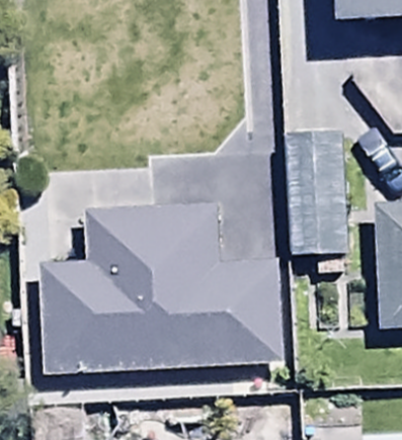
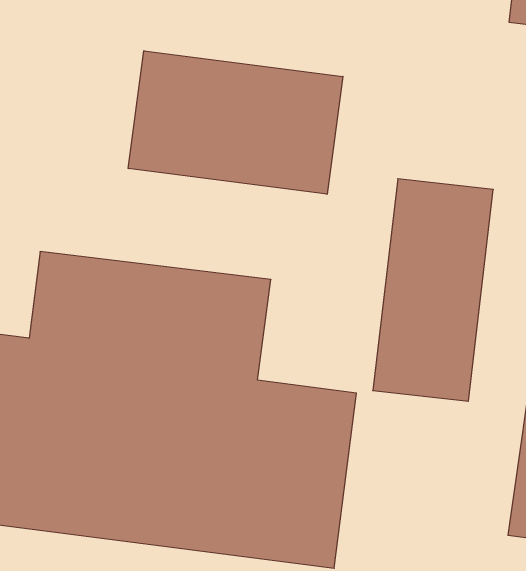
building: none -> [128,51,343,194]

